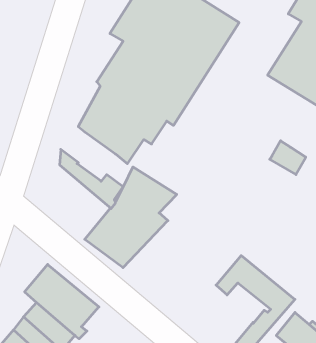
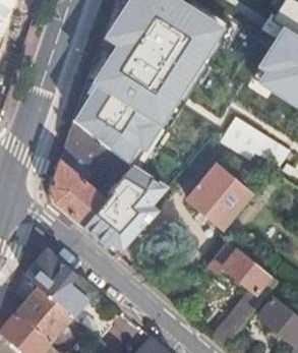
building: none -> [219,118,263,155]
building: none -> [59,123,126,179]
building: none -> [48,159,106,228]
building: none -> [184,165,248,228]

